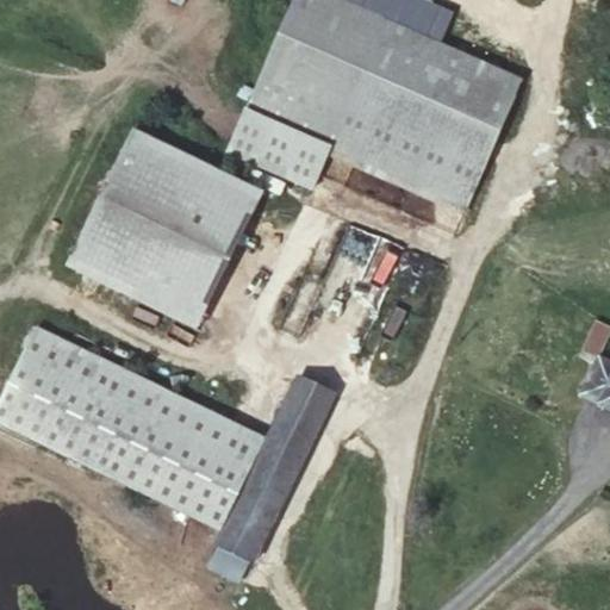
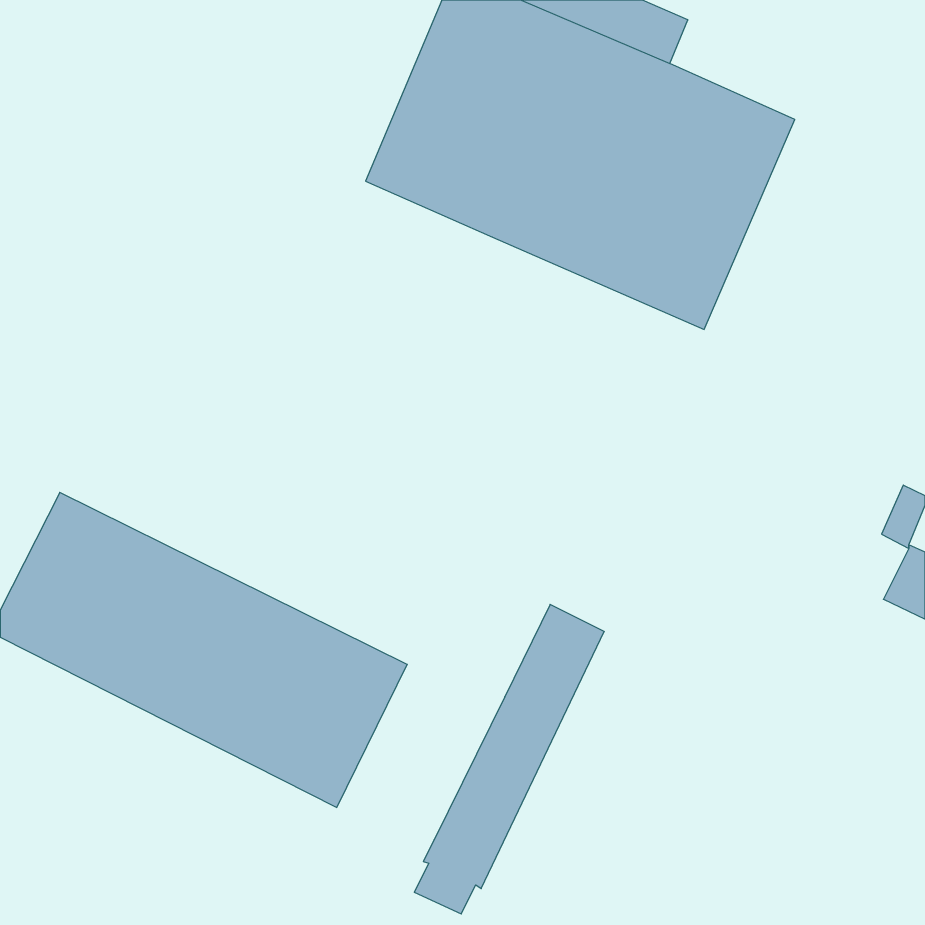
building: [222,119,324,199] -> none
building: [63,127,260,325] -> none
building: [208,376,334,580] -> [414,604,604,914]

